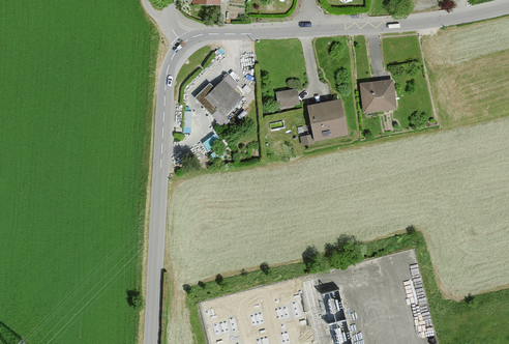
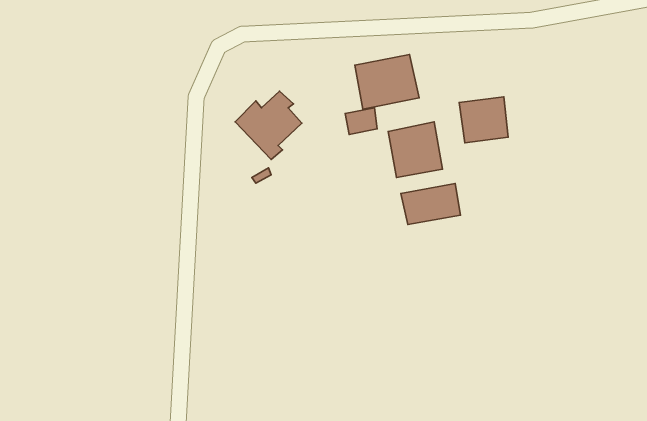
building: none -> [355,54,419,109]
building: none -> [401,183,460,225]

